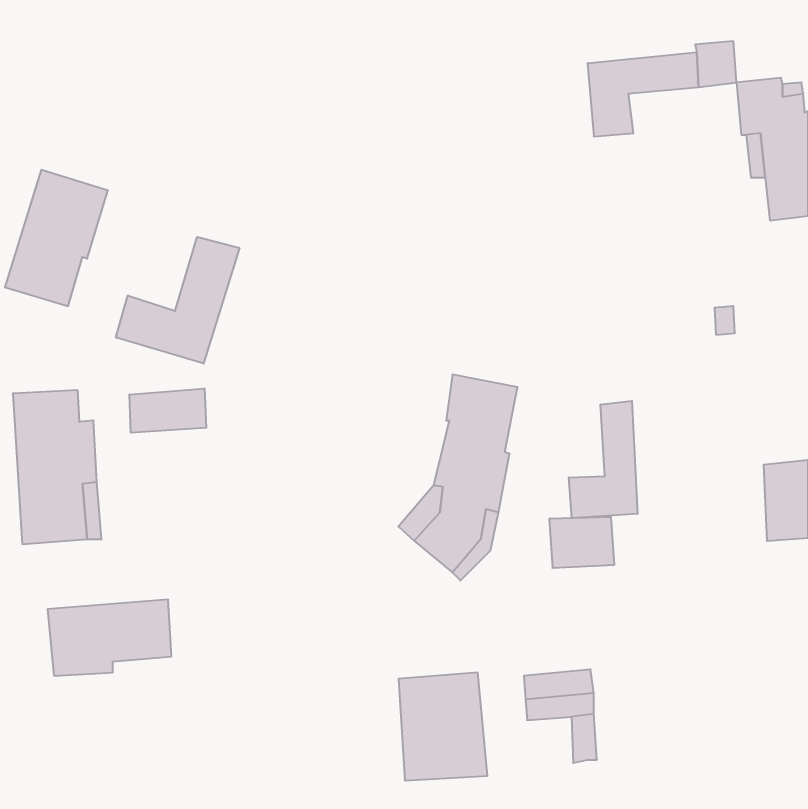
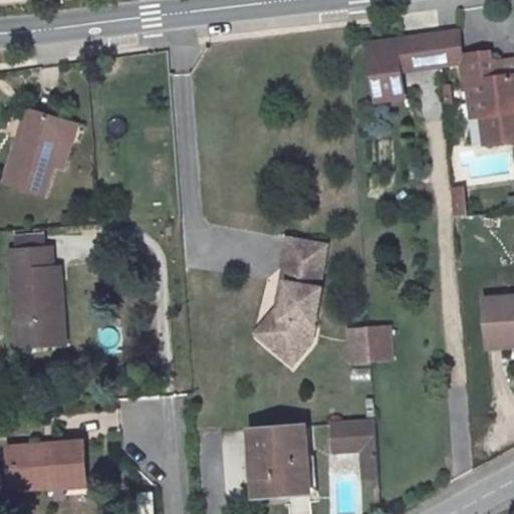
building: [116,237,239,364] -> none
building: [129,388,206,433] -> none
building: [569,401,638,518] -> none
building: [48,600,171,676] -> [7,442,85,490]

